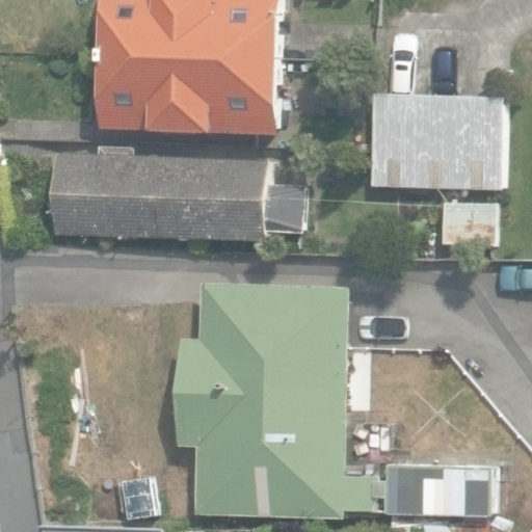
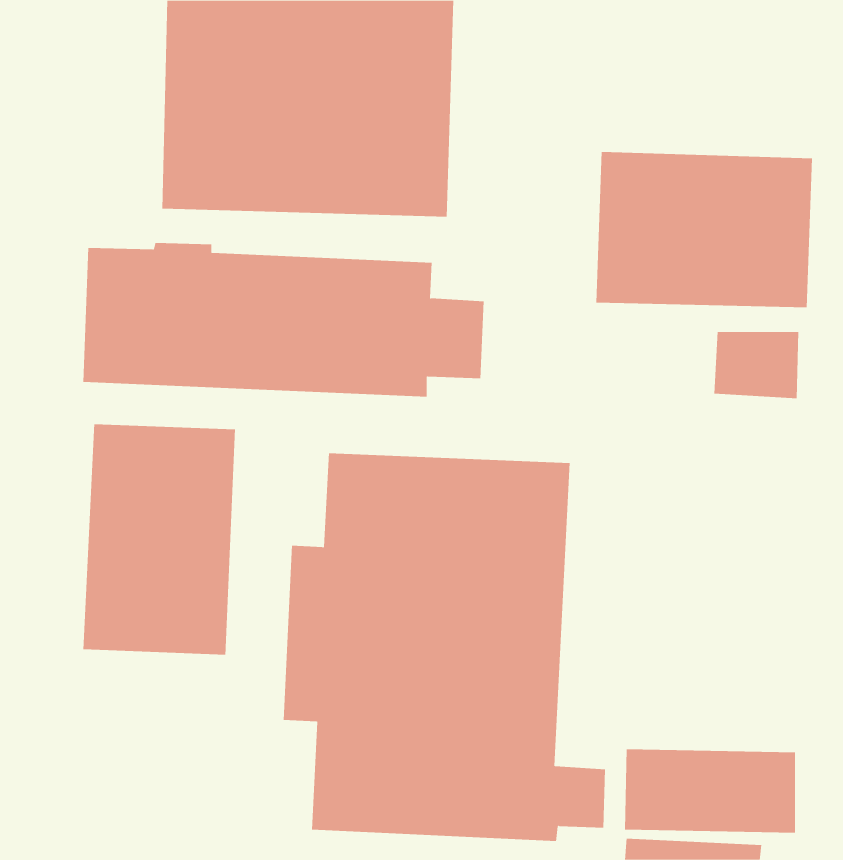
building: none -> [83,423,235,656]

